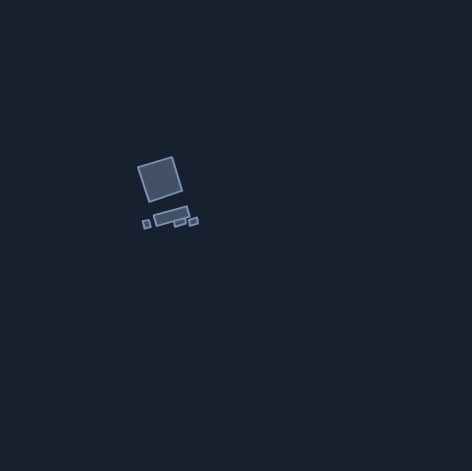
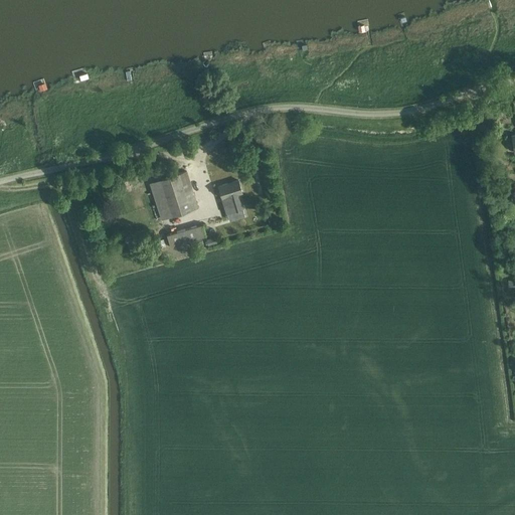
building: none -> [217,181,241,214]

